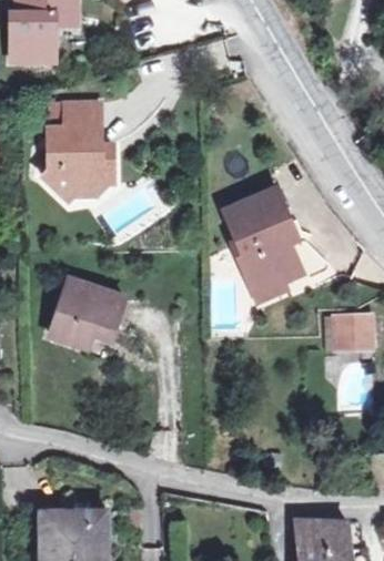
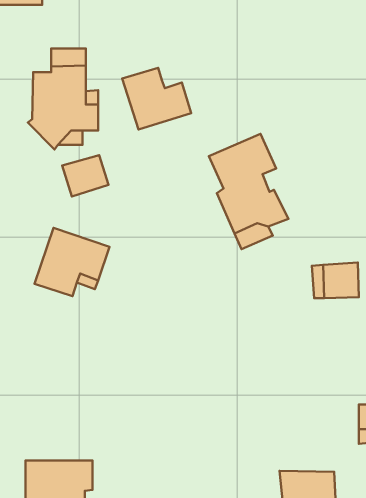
building: none -> [122,68,191,130]
building: none -> [62,155,109,196]

